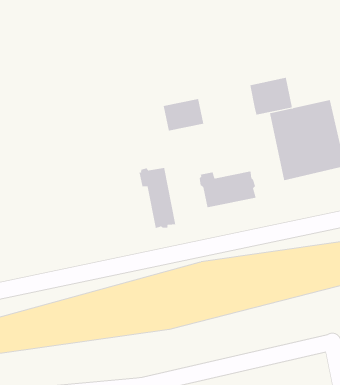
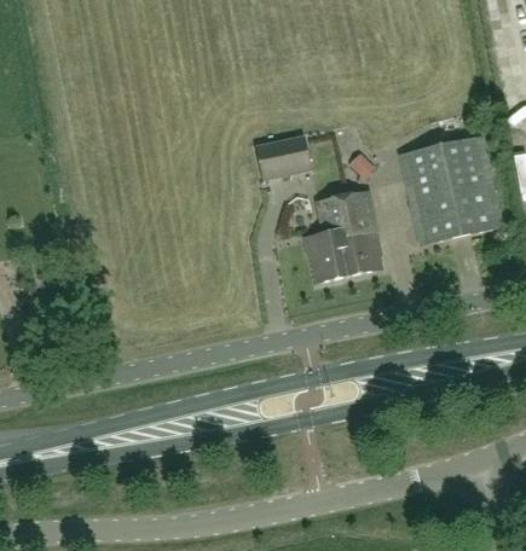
building: [250,77,293,115] -> [317,190,375,240]
building: [139,167,176,229] -> none

